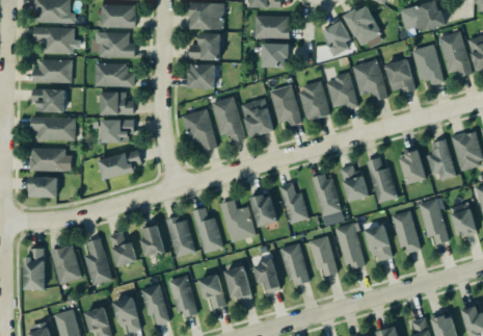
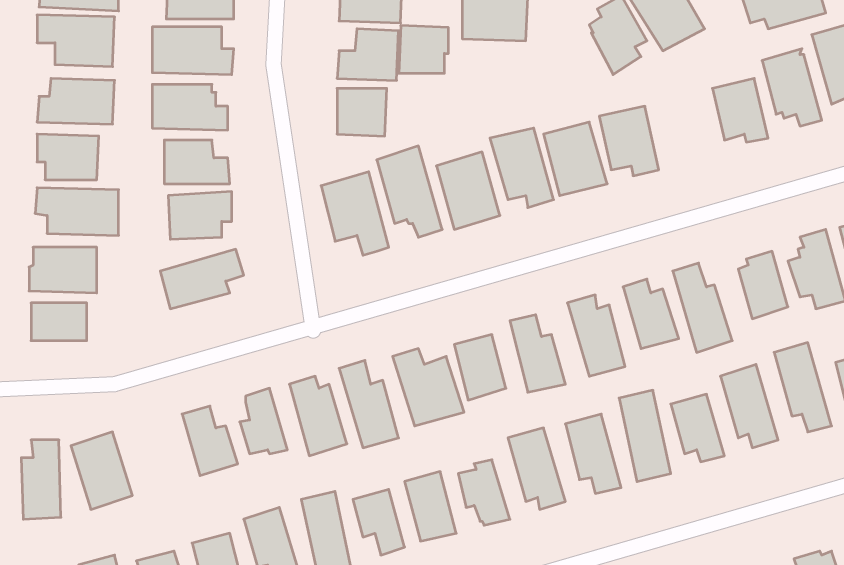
building: [262,43,288,68] -> [399,26,448,73]
building: [353,59,388,102] -> none
building: [85,238,111,285] -> none

